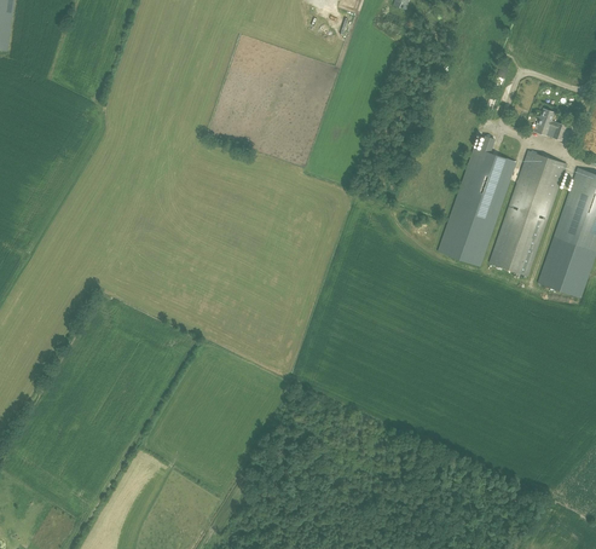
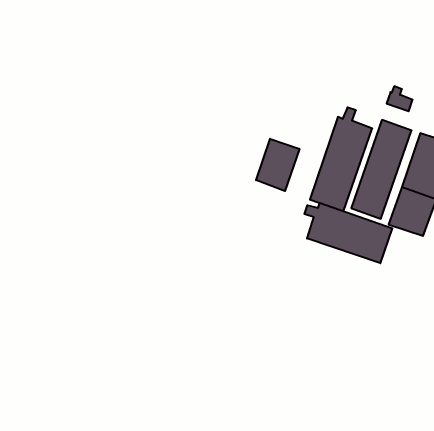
building: none -> [256,139,299,191]
building: none -> [304,203,392,263]

